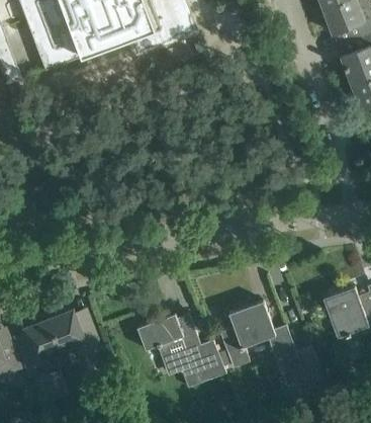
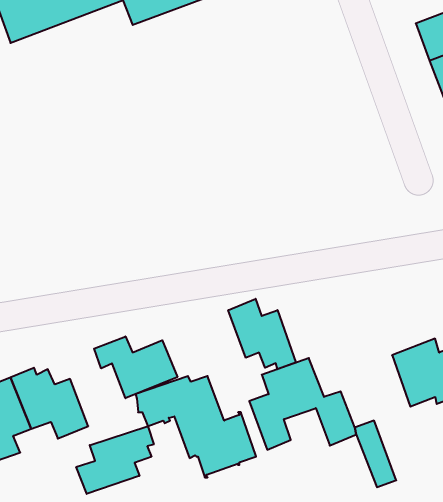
building: none -> [228,299,296,369]
building: none -> [94,336,177,398]
building: none -> [76,426,154,494]

